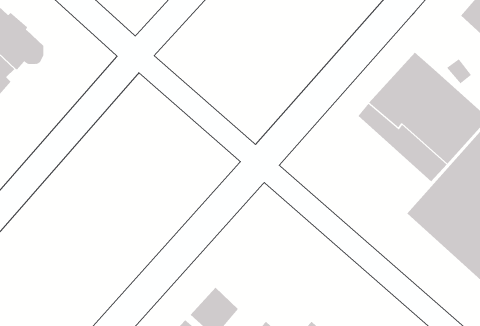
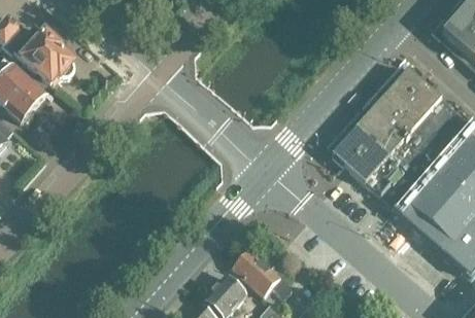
building: none -> [327,121,415,207]
building: none -> [231,247,291,296]

